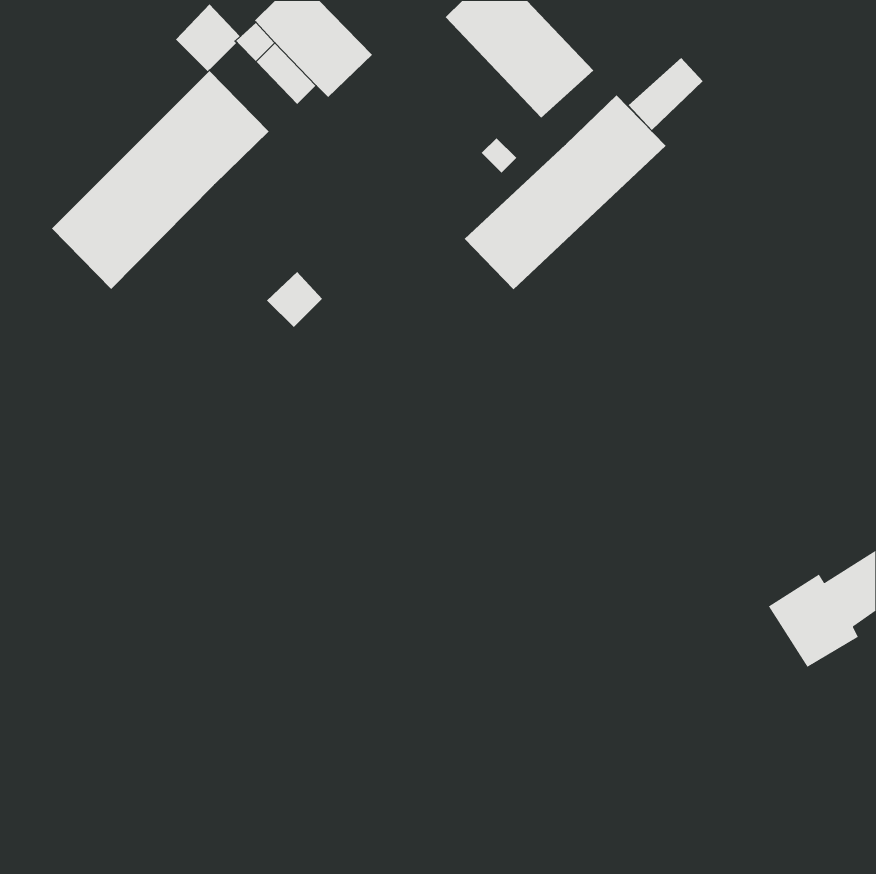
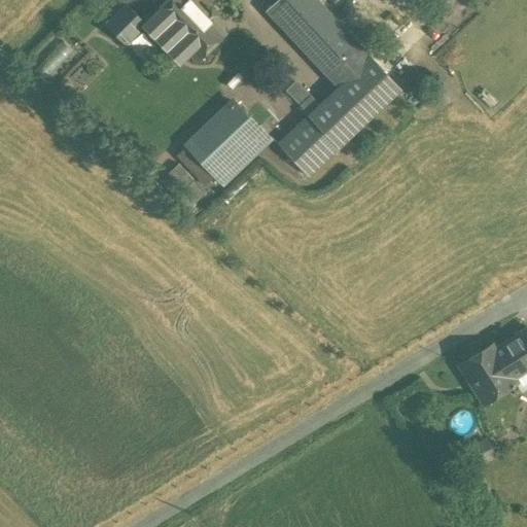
building: [628,57,703,131] -> [324,44,370,89]
building: [51,70,269,290] -> none
building: none -> [186,102,261,177]

